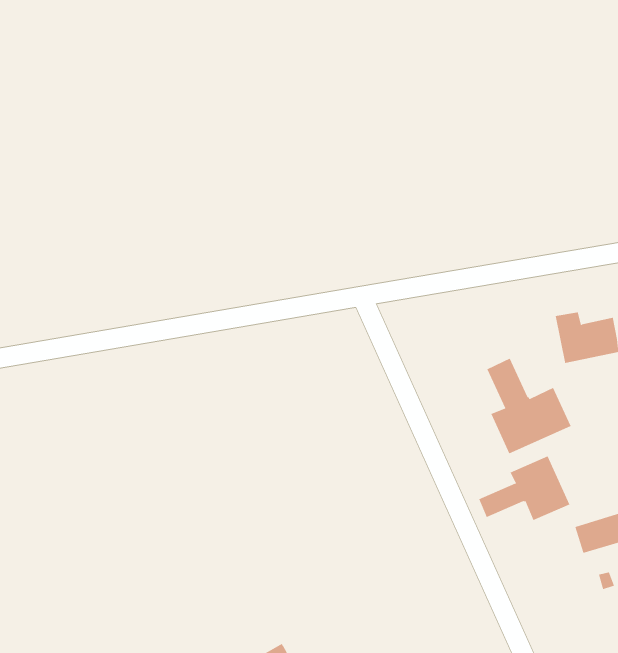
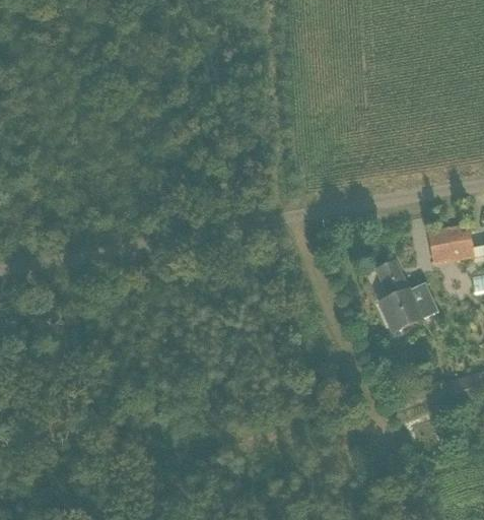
building: [478,455,570,521] -> none

